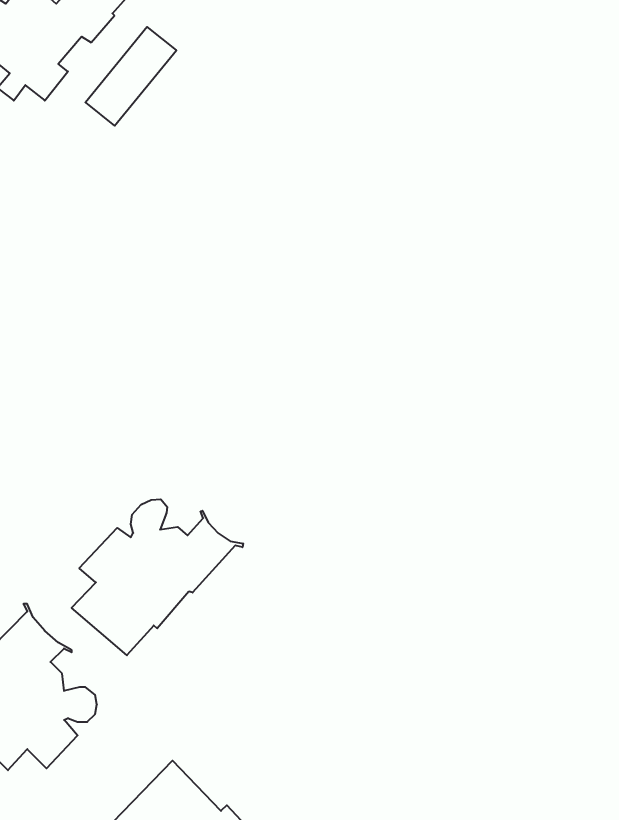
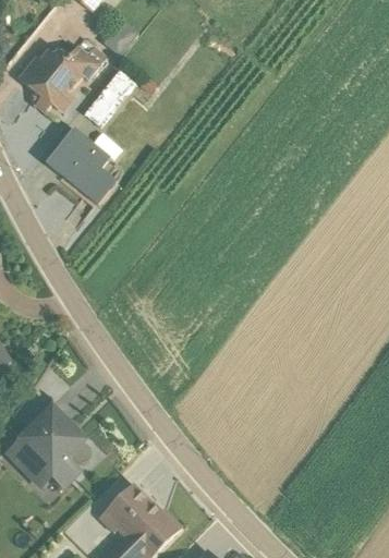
building: none -> [46,126,116,203]
building: [72,499,243,655] -> none

